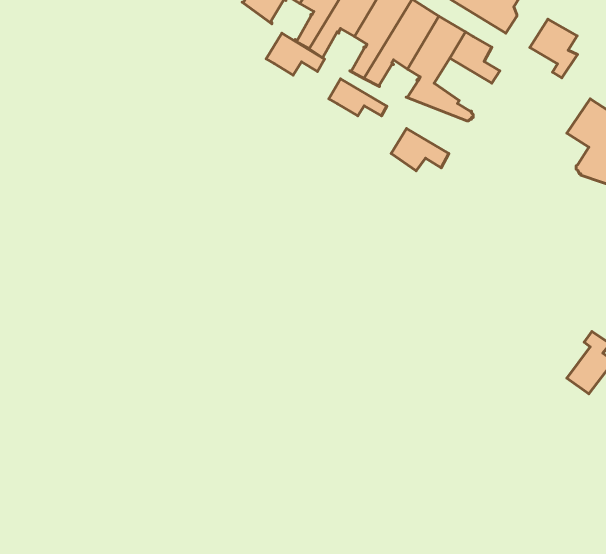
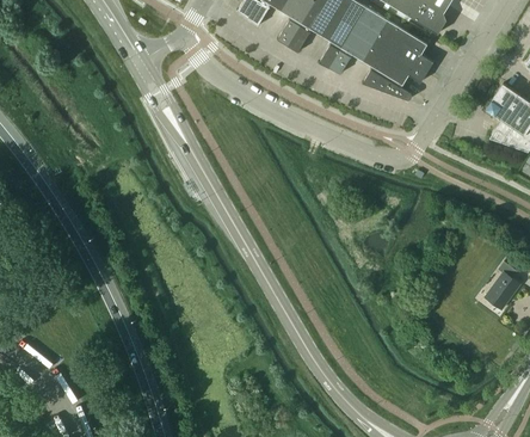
building: [530,19,577,78] -> none
building: [266,33,325,75] -> none
building: [329,79,387,116] -> none
building: [391,129,449,171] -> [383,51,427,84]

